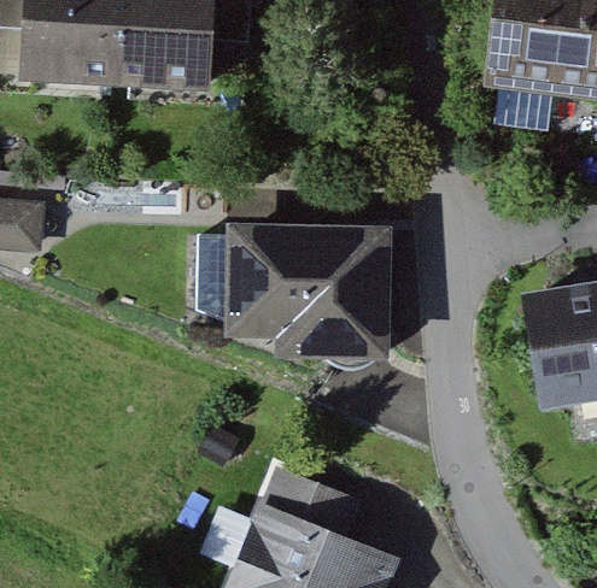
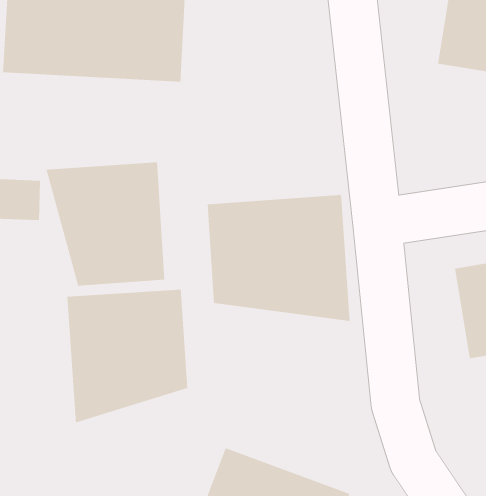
building: none -> [46,162,165,286]
building: none -> [67,289,188,423]

